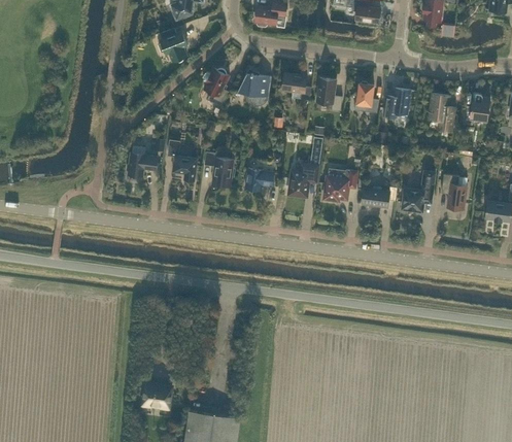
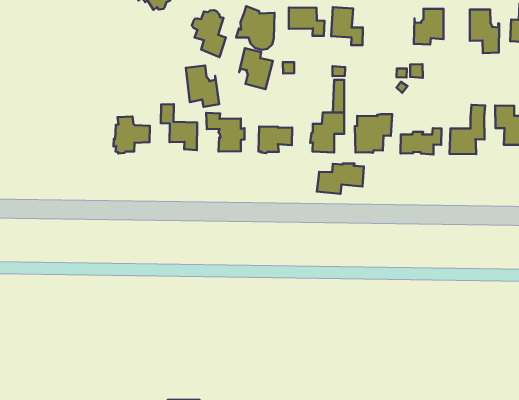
building: [356,81,378,112] -> none
building: none -> [239,48,273,89]
building: none -> [186,66,219,107]
building: none -> [317,163,364,194]

